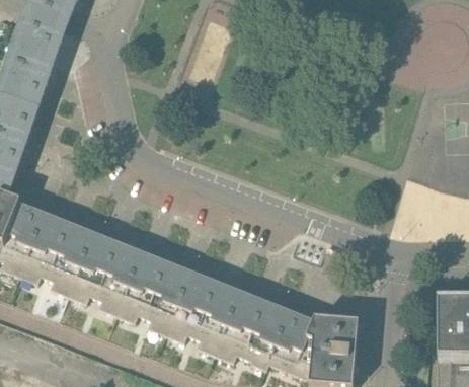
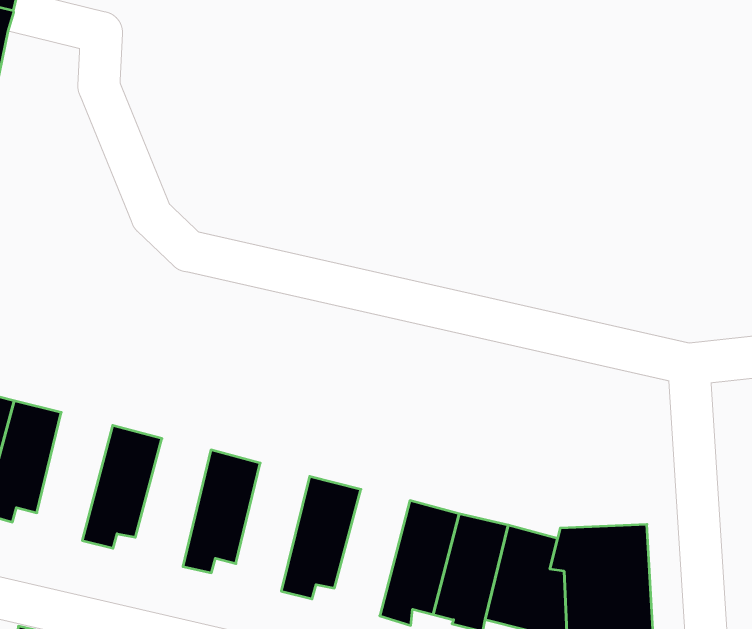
building: [49,220,93,287] -> none
building: [97,240,142,307] -> none
building: [147,259,190,326] -> none
building: [196,280,240,345] -> none

